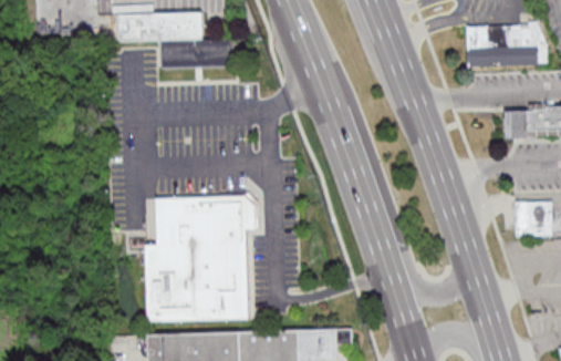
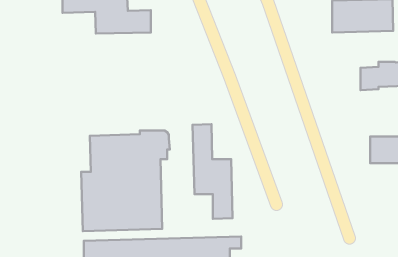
building: none -> [193,124,233,219]

